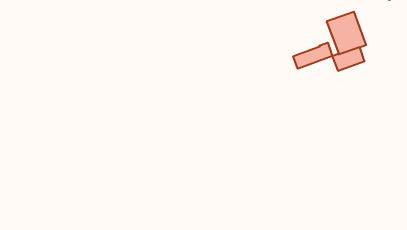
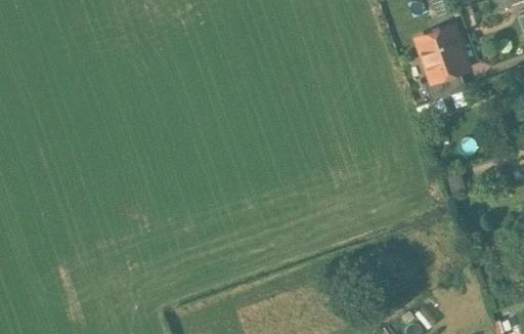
building: [293,43,332,69] -> none

